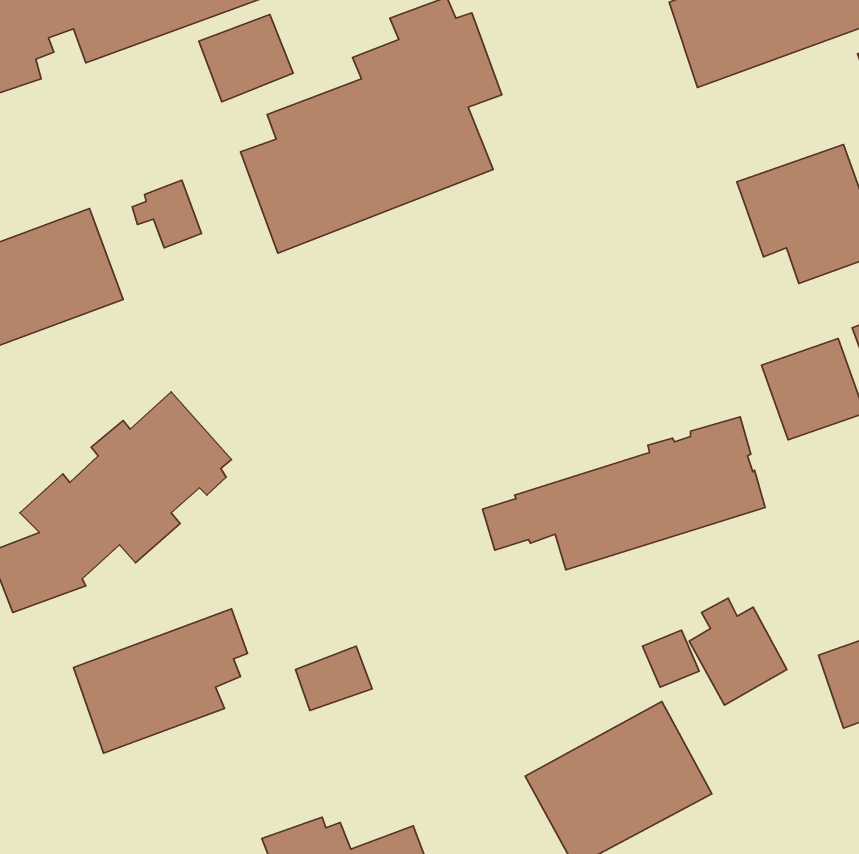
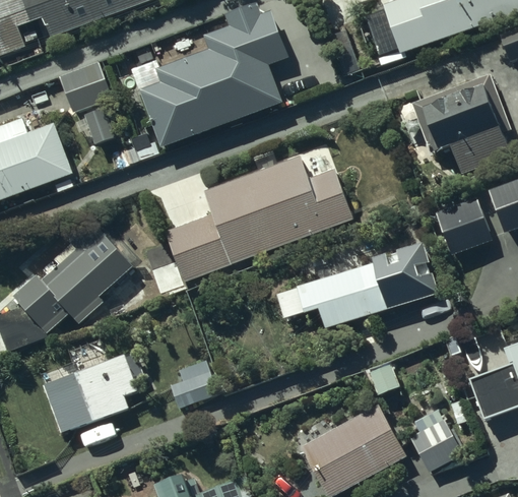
building: [199,15,293,102] -> [59,63,113,113]
building: none -> [165,154,351,281]
building: [689,598,787,705] -> [407,412,463,473]

